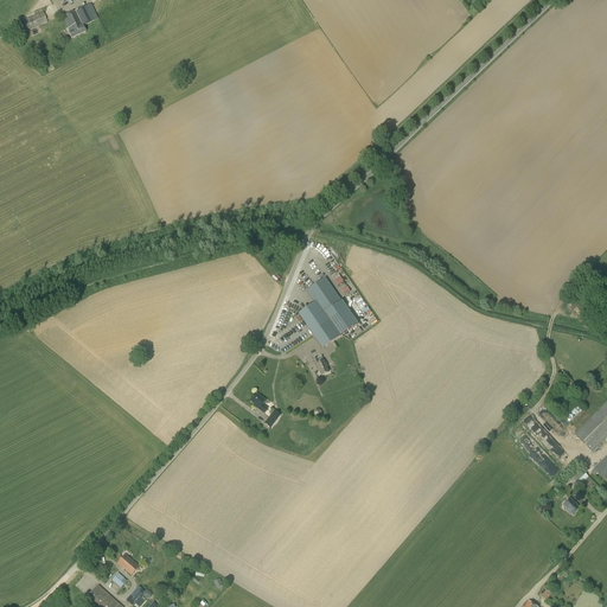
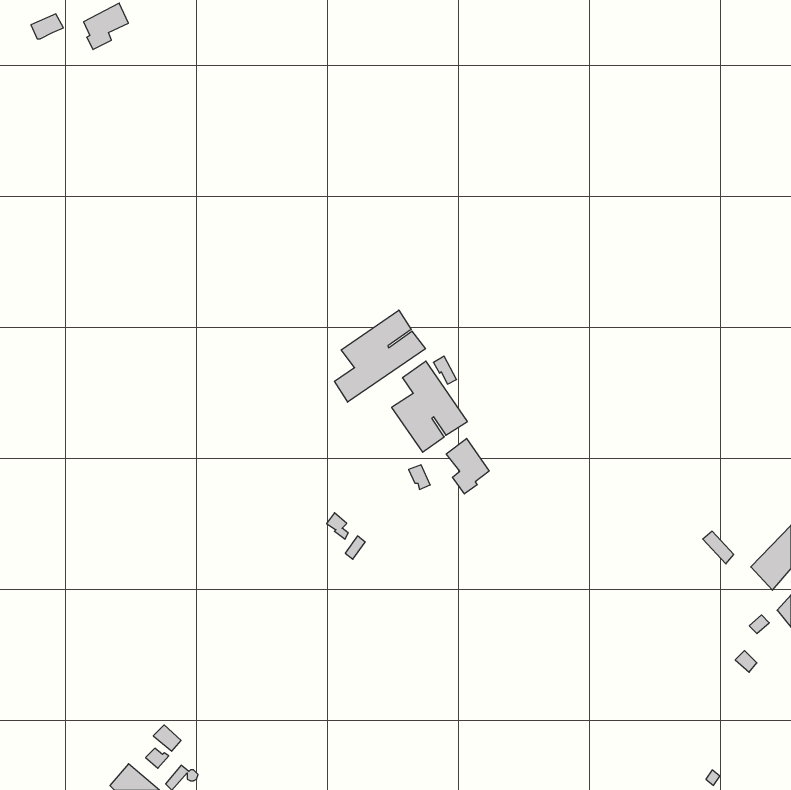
building: none -> [334,310,425,402]
building: none -> [446,438,489,494]

